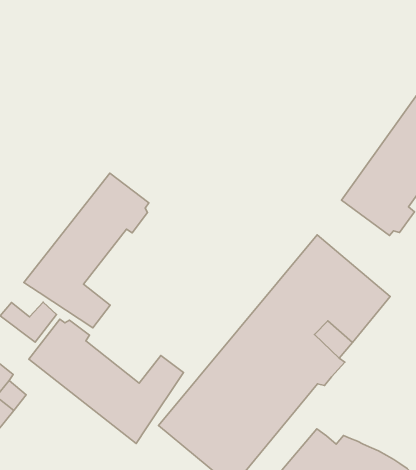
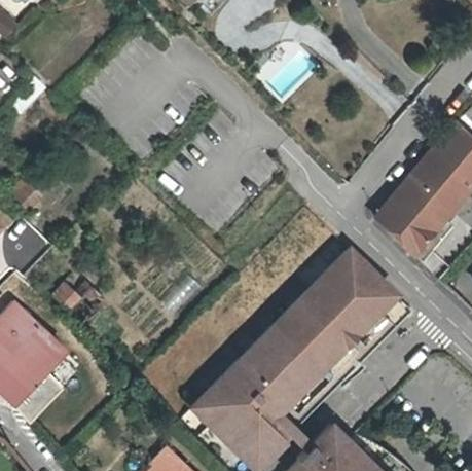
building: [24,173,149,328] -> none
building: [29,319,184,444] -> none

